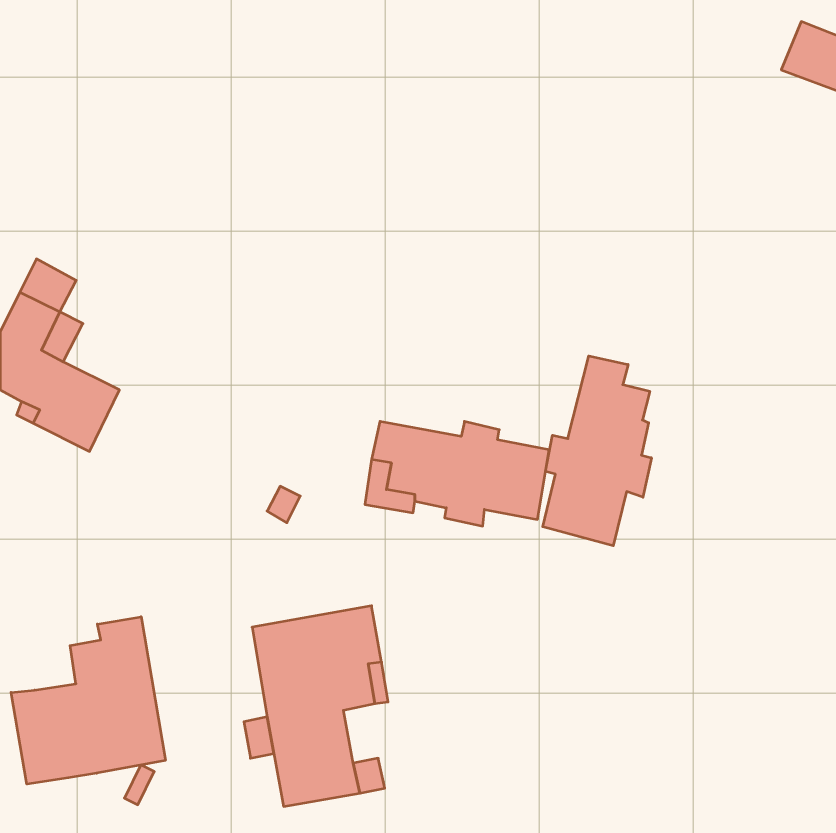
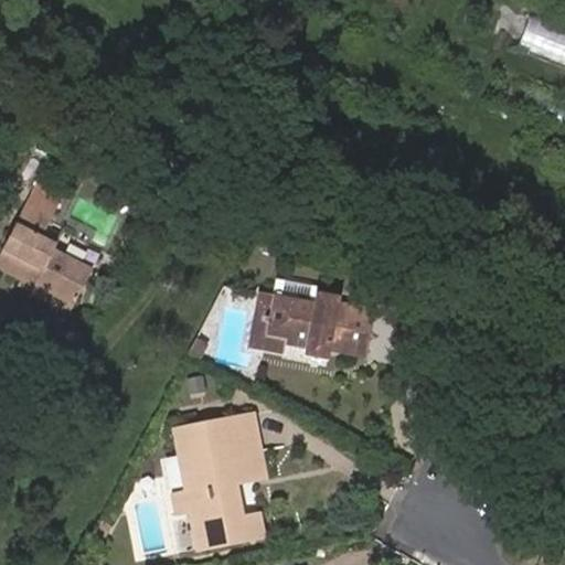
building: [543,356,651,546] -> none
building: [11,617,165,784] -> none

